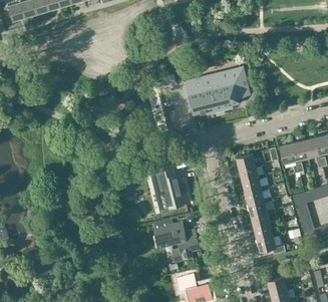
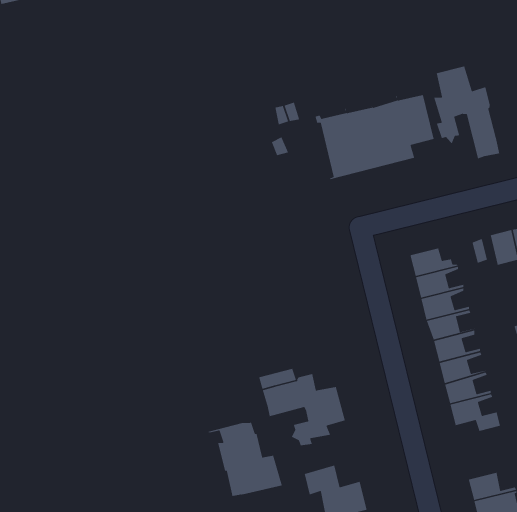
building: none -> [433,65,500,159]
building: [147,168,189,210] -> [208,420,283,497]

